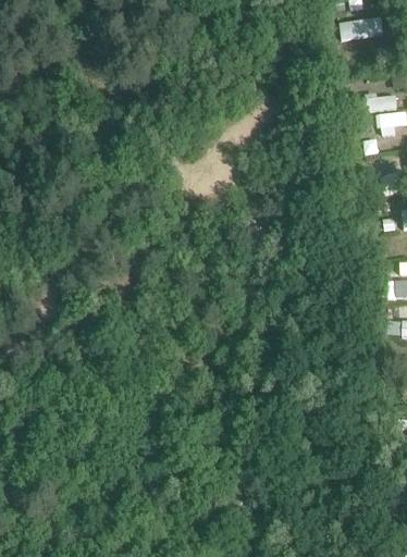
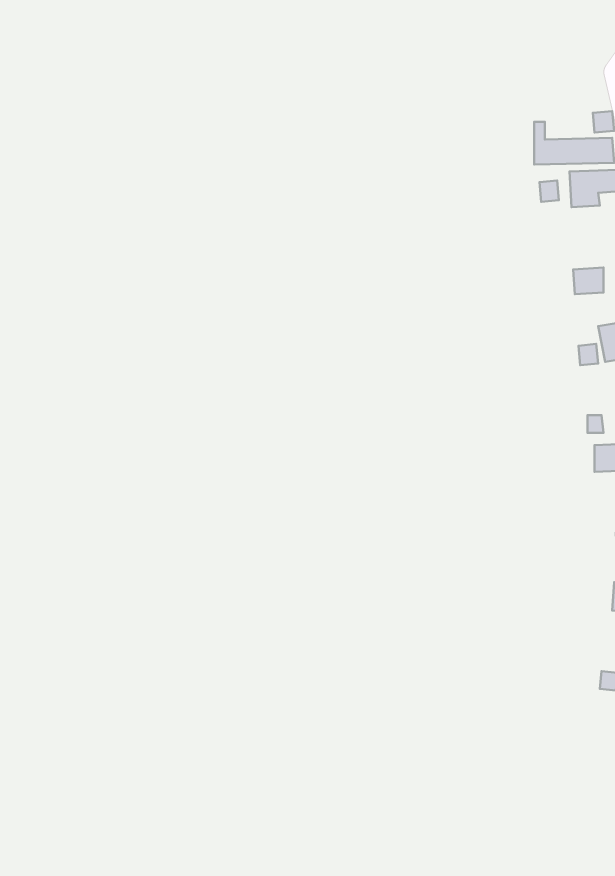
building: [338,16,384,41] -> none

